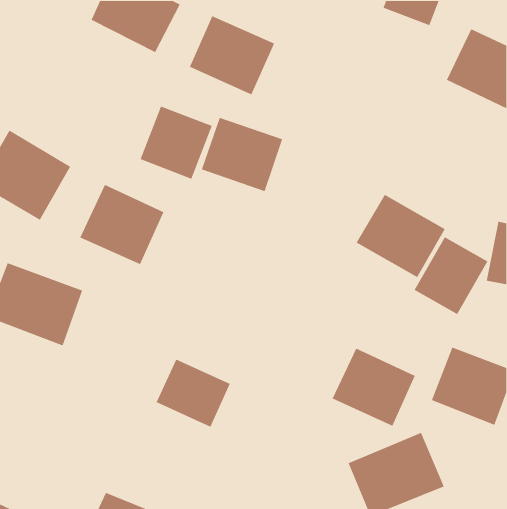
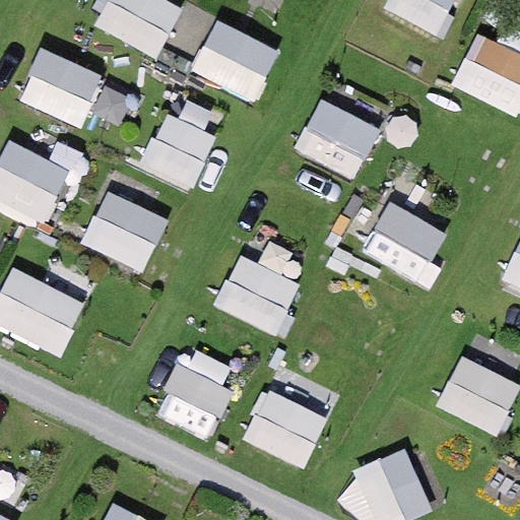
building: none -> [18,49,104,128]
building: [201,117,283,192] -> [296,99,379,175]
building: [414,236,489,315] -> none
building: none -> [213,254,299,333]
building: [332,348,416,427] -> [242,388,327,468]

